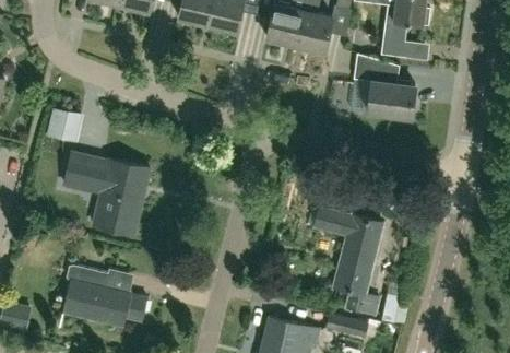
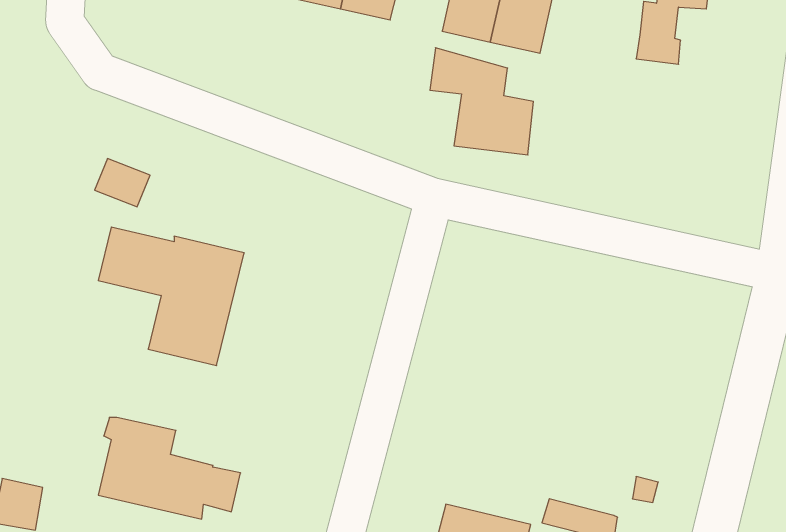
building: [354,54,415,117] -> [430,48,533,155]
building: [315,207,382,314] -> none

